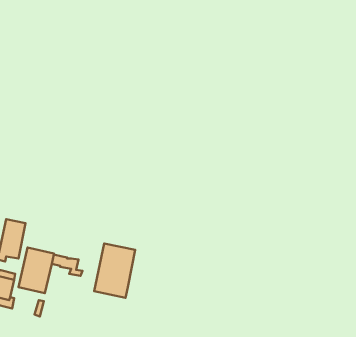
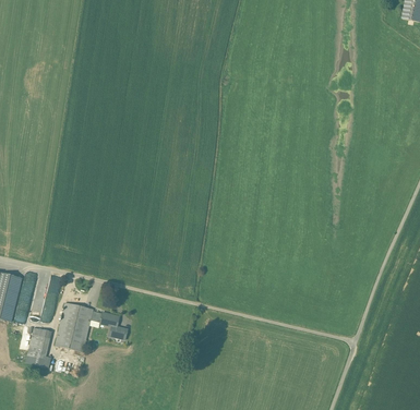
building: [94,244,135,298] -> none

